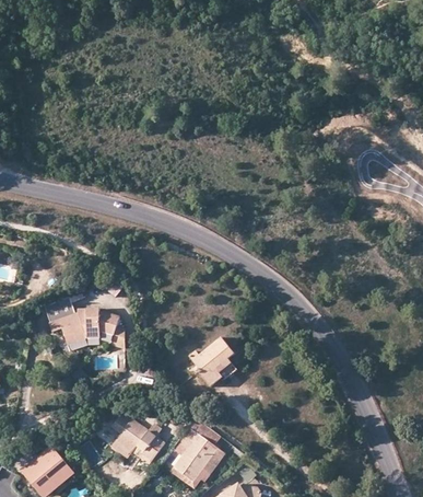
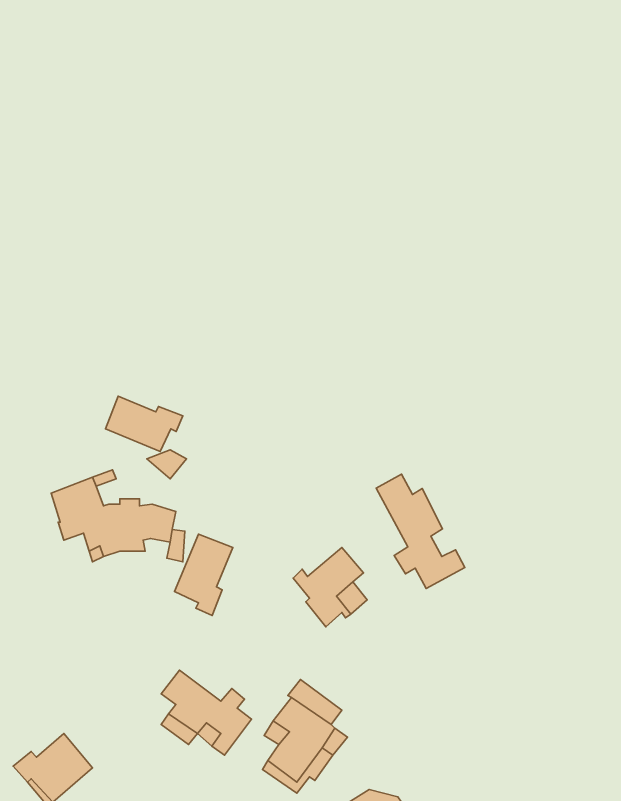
building: none -> [105,396,183,452]
building: none -> [376,474,465,588]
building: none -> [175,534,233,615]

